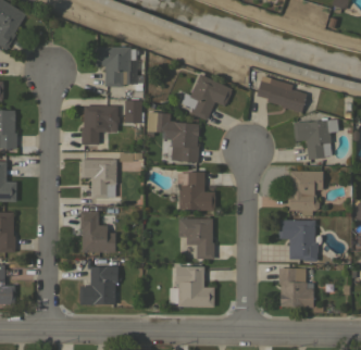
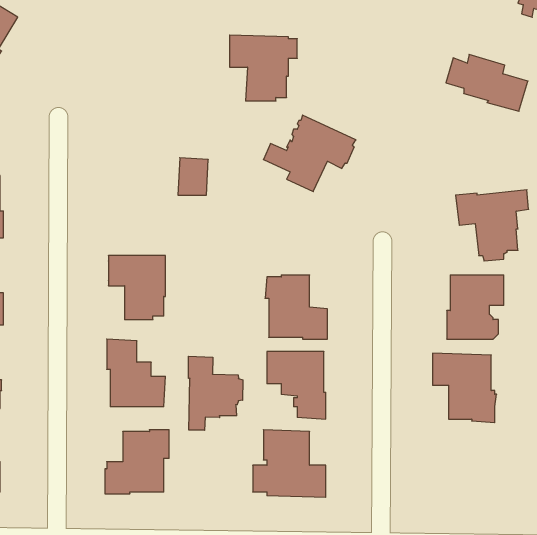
building: [95,47,136,87] -> [230,35,297,101]
building: [257,78,307,113] -> [446,54,528,111]
building: [82,105,119,146] -> none
building: [155,113,199,163] -> none
building: none -> [188,356,243,430]
building: [278,268,314,308] -> none

